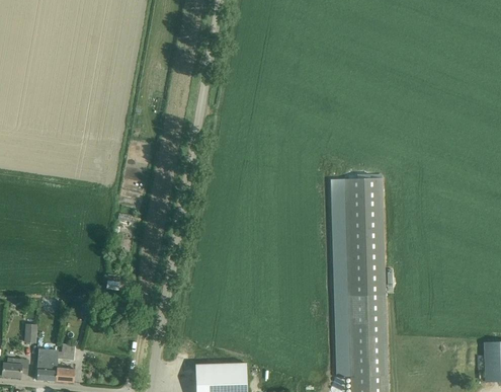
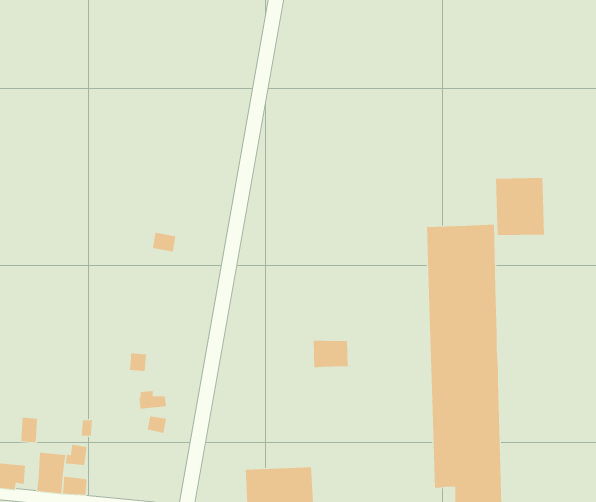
building: none -> [496,177,544,236]
building: none -> [313,340,348,368]

